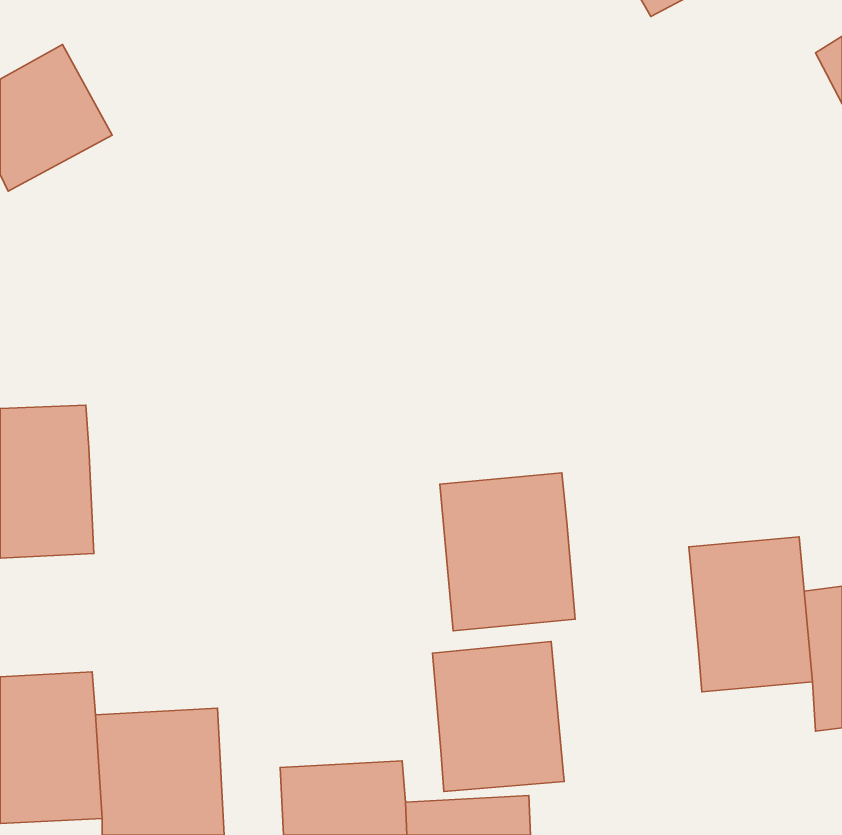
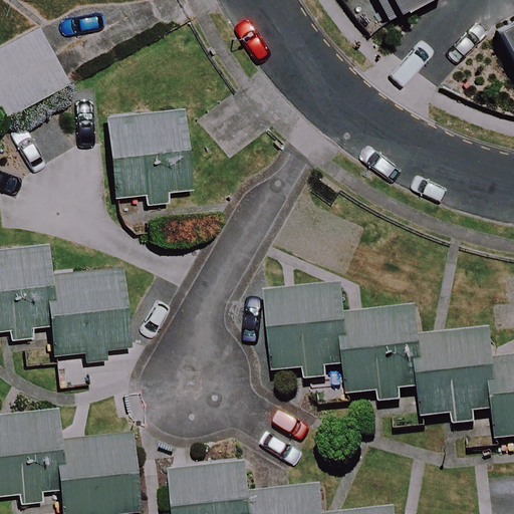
building: none -> [105,104,197,196]
building: none -> [54,269,127,362]
building: [432,642,564,792] -> [345,311,426,403]

